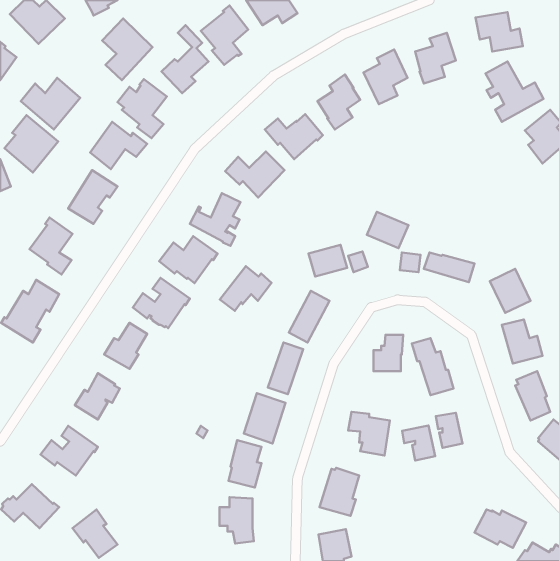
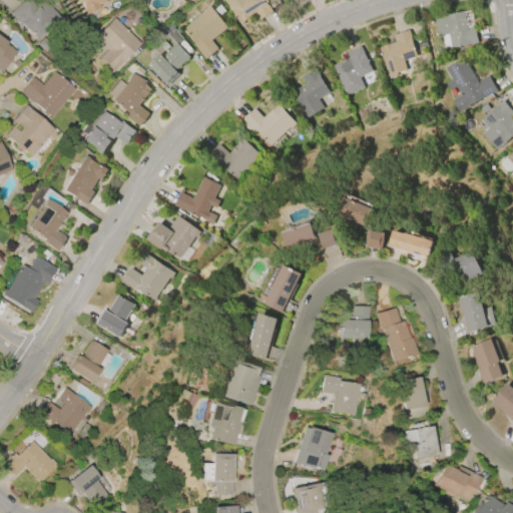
building: [220,266,271,311] -> none
building: [402,425,435,461] -> [407,427,437,459]

